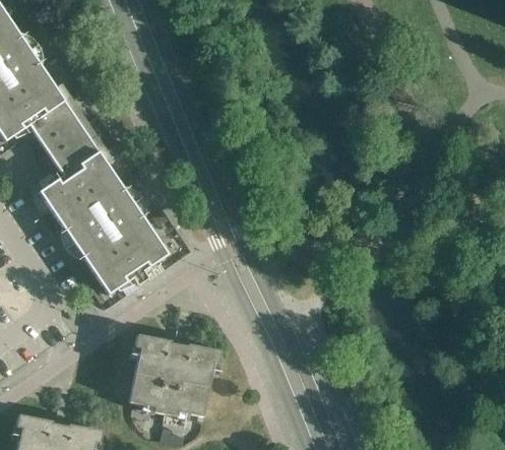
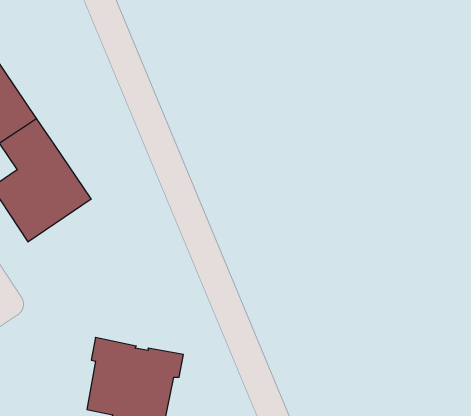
building: [73,201,168,293] -> none

